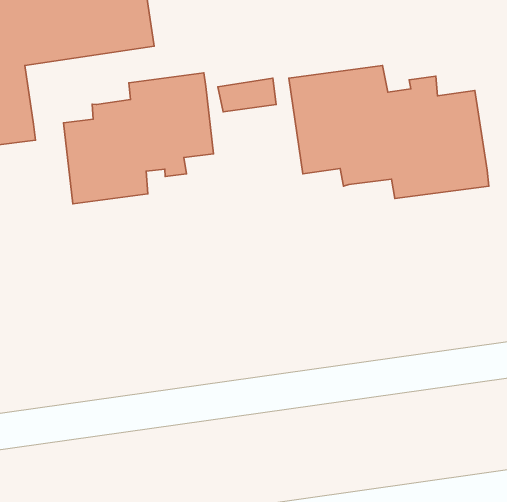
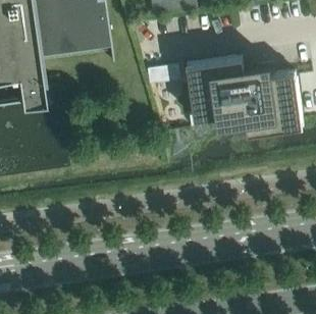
building: [63,73,213,204] -> none

